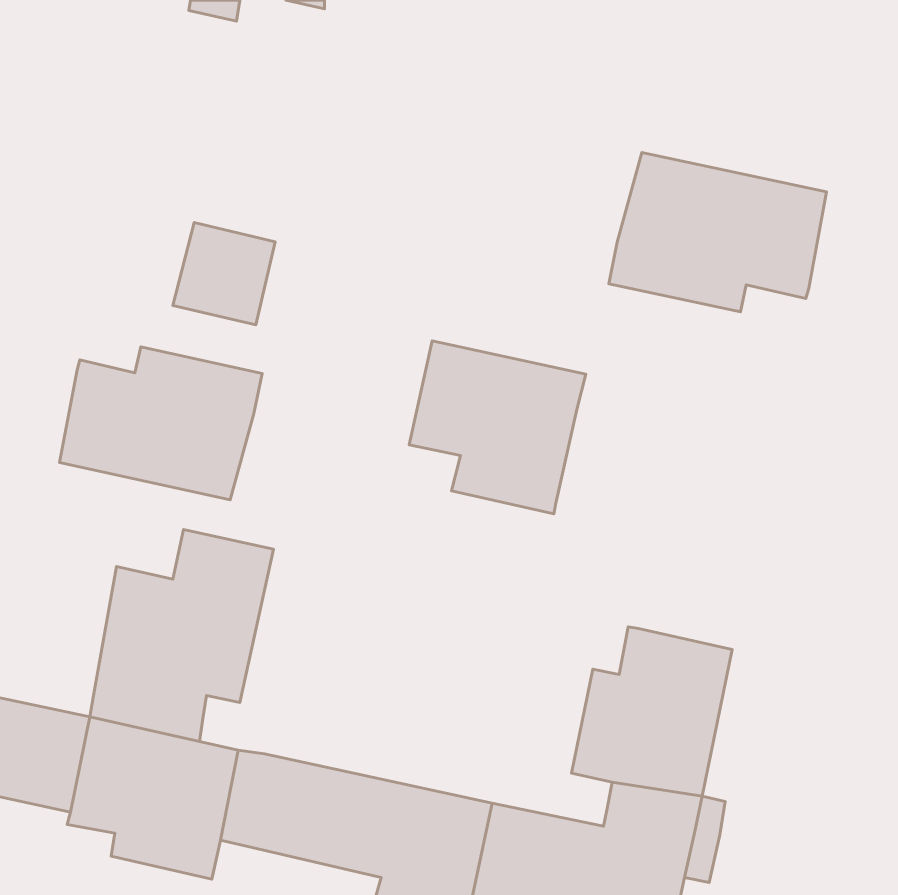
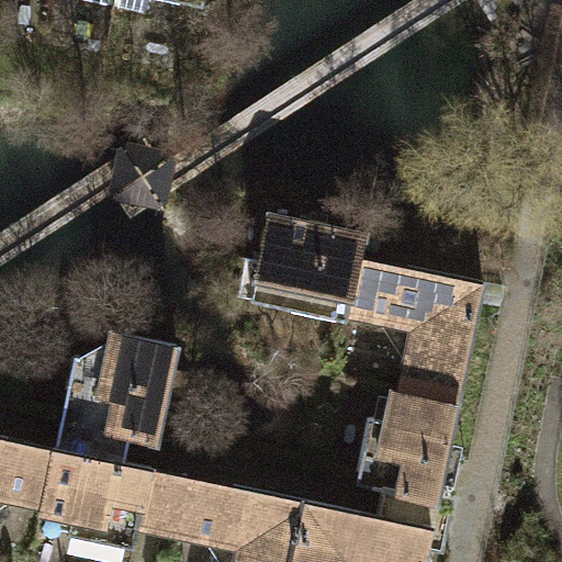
building: [609,152,827,312] -> none
building: [59,347,262,500] -> none
building: none -> [346,259,482,408]

